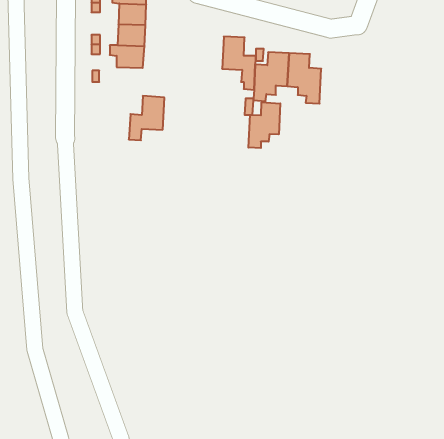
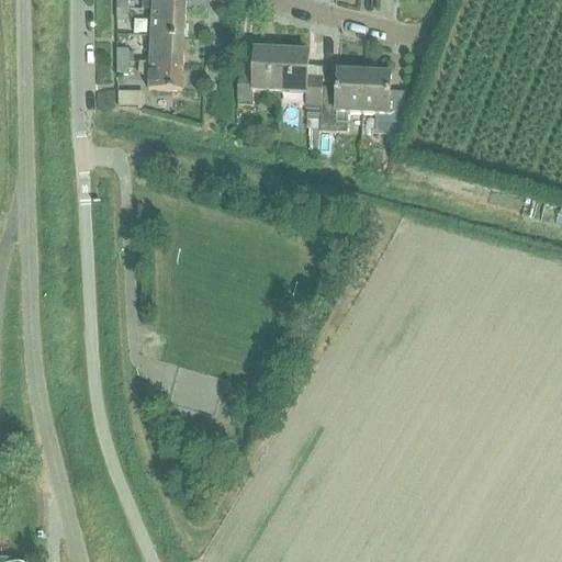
building: [129,96,164,140] -> [237,44,282,100]
building: [248,102,280,148] -> none

